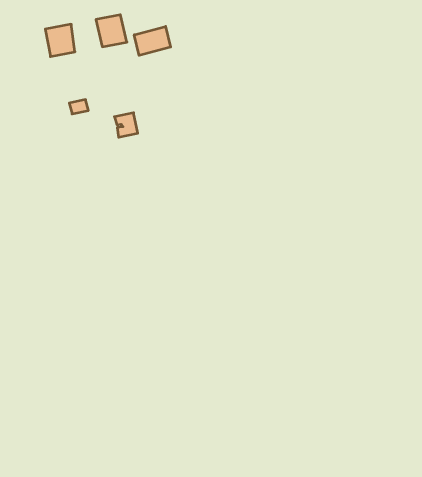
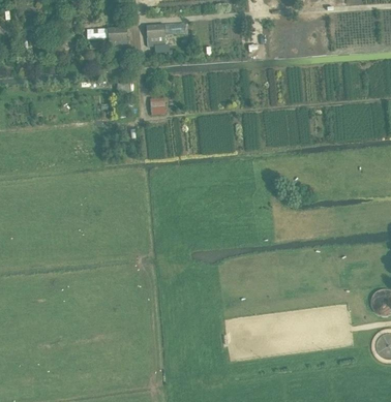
building: [134,26,171,55] -> none

